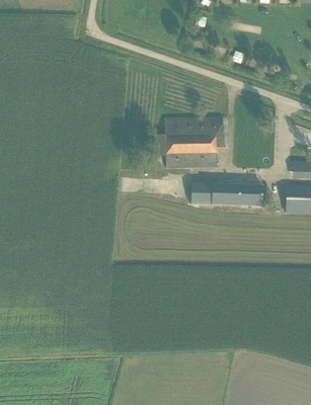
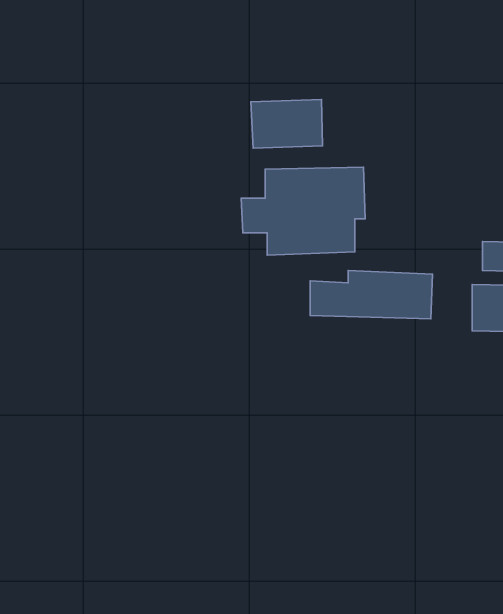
building: none -> [251,99,322,148]

